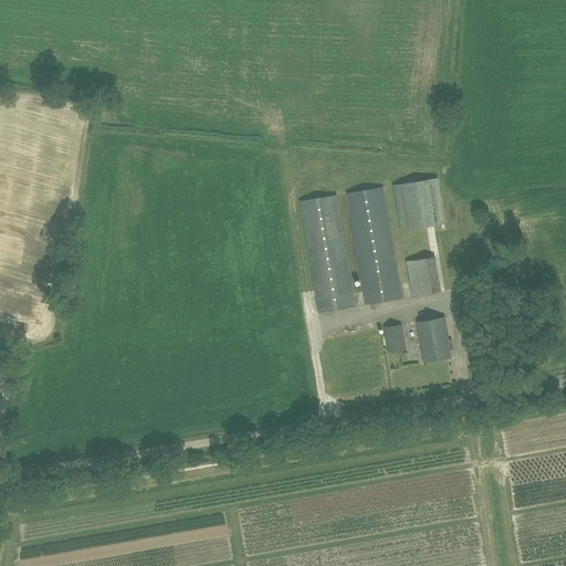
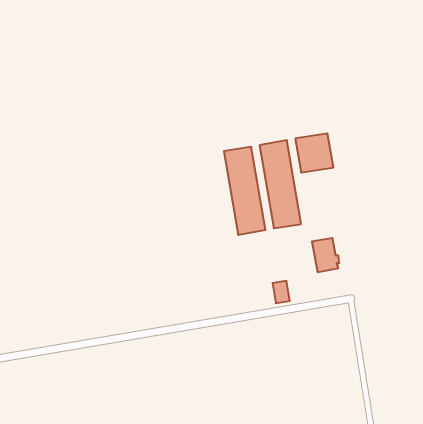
building: [405,255,440,296] -> none
building: [382,324,406,354] -> [272,281,290,303]

